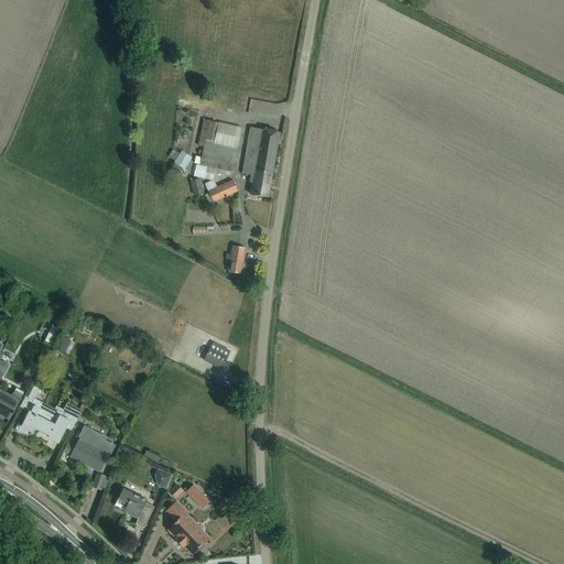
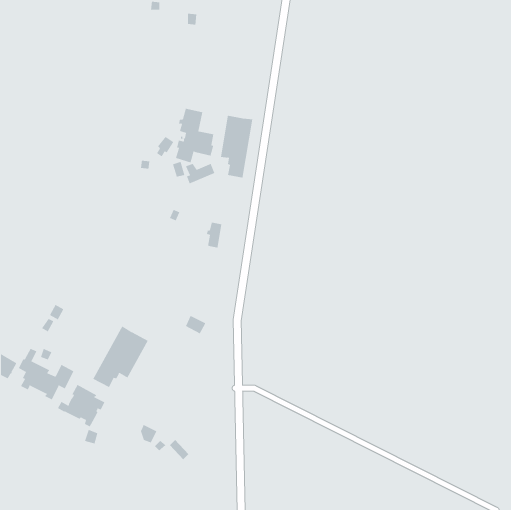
building: none -> [93,325,149,388]
building: [116,488,154,527] -> none
building: [165,500,208,553] -> none

